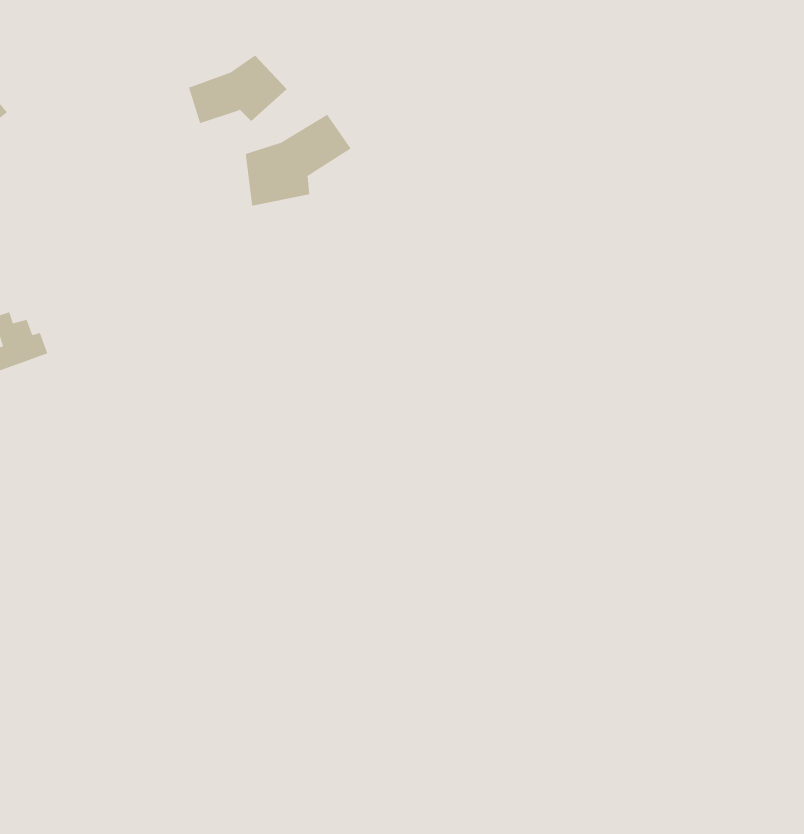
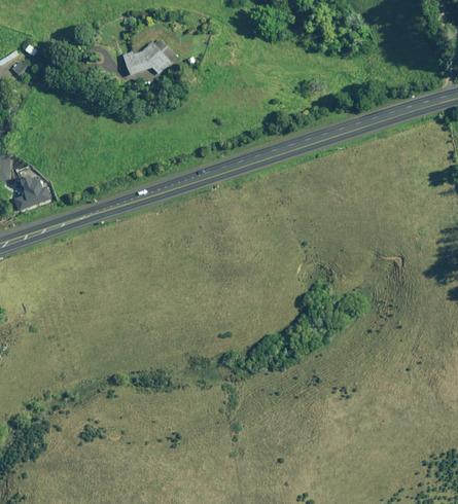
building: [245,114,352,206] -> none

